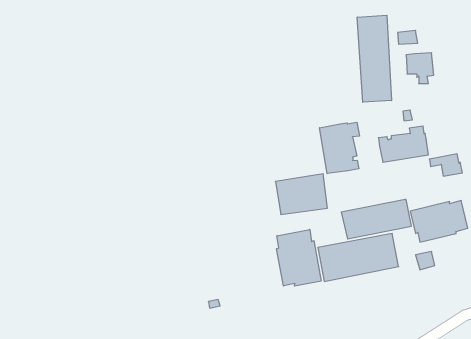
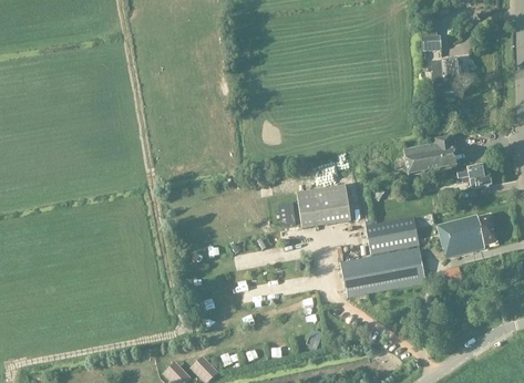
building: [357,15,391,102] -> none
building: [320,122,359,174] -> none
building: [277,229,321,286] -> none

